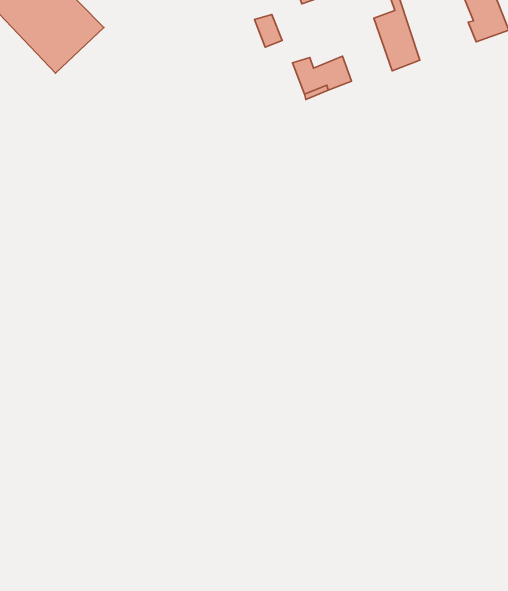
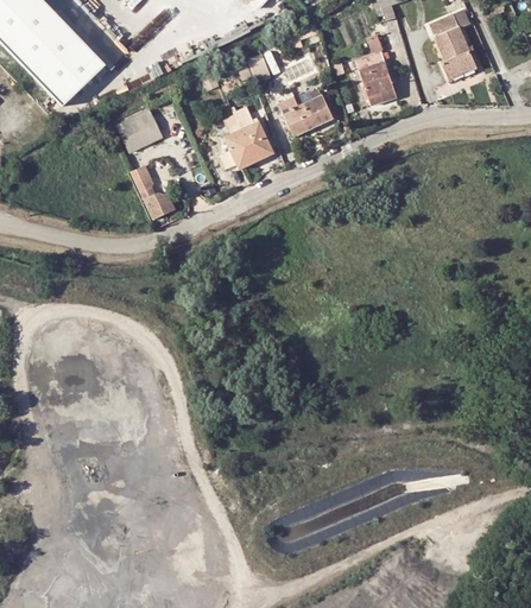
building: none -> [114,107,162,153]
building: none -> [227,108,271,164]
building: none -> [128,165,171,220]

